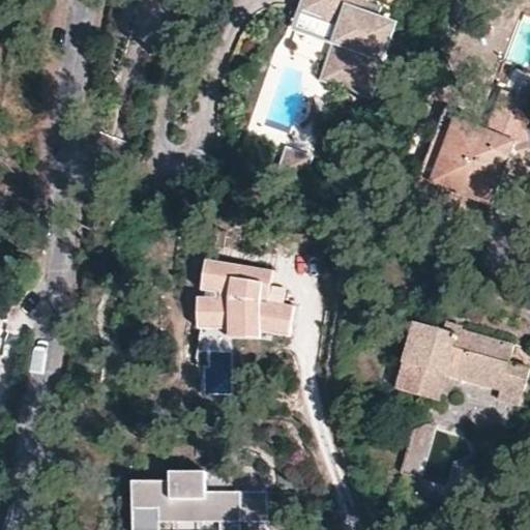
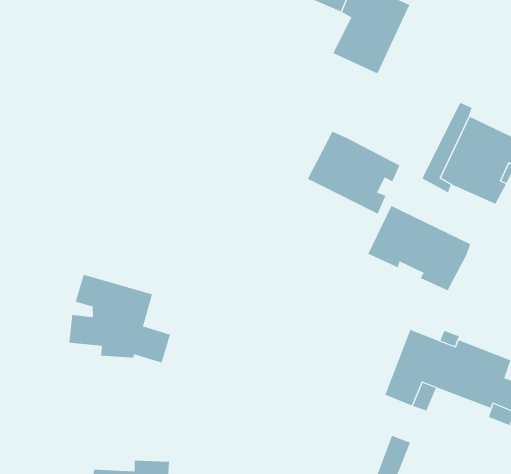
building: none -> [307,131,400,214]
building: none -> [367,205,471,291]
building: [197,261,292,337] -> [69,274,171,363]

